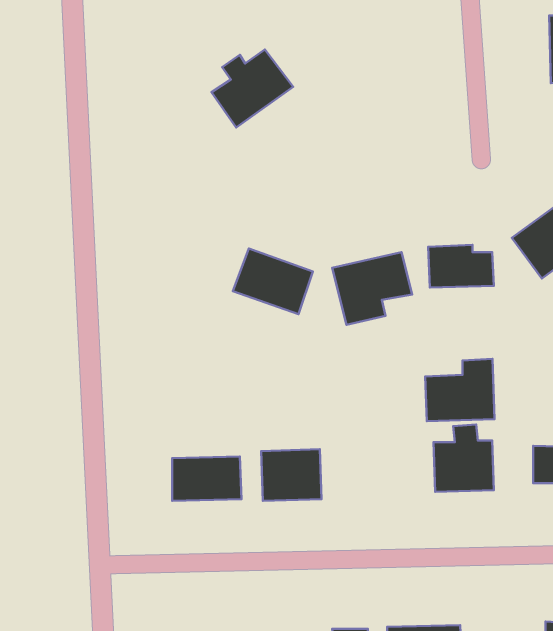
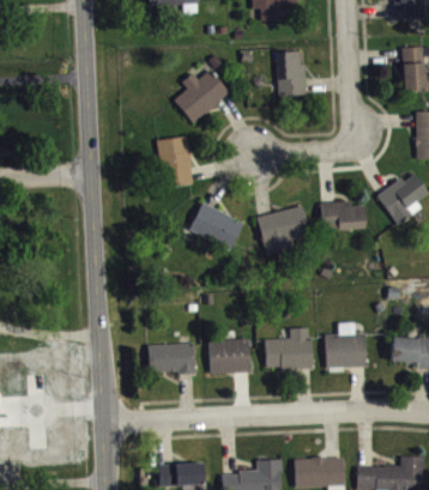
building: none -> [277,52,307,96]
building: none -> [158,137,193,186]
building: [425,359,494,421] -> [265,327,312,369]

